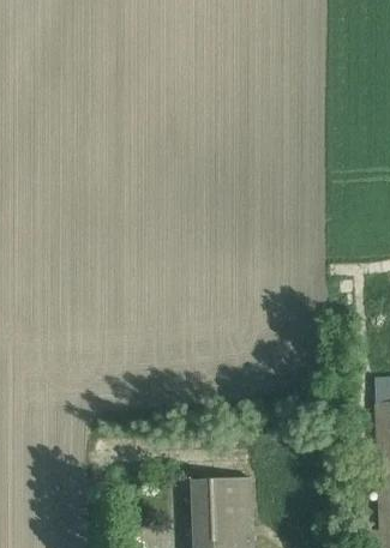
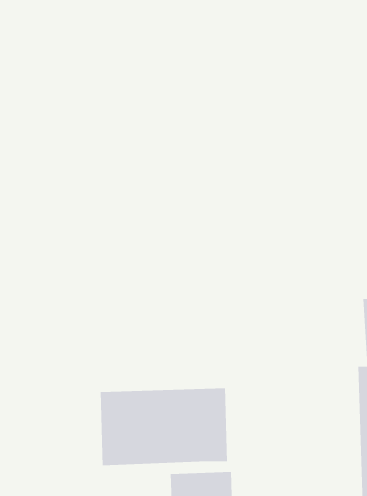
building: none -> [100,387,228,466]

